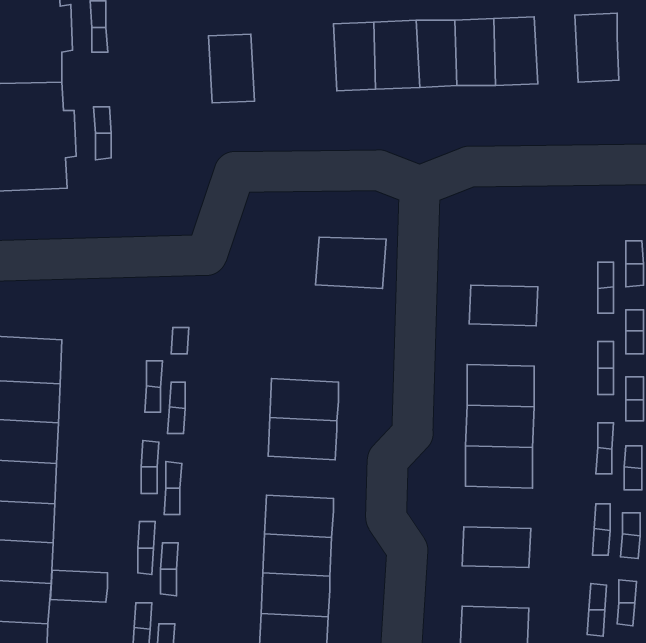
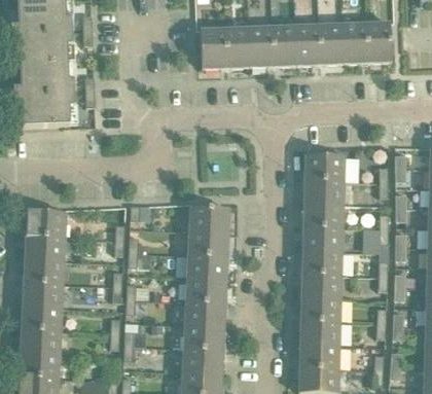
building: none -> [341,23,367,63]
building: [209,34,254,103] -> [200,28,226,68]
building: [316,237,386,288] -> [188,207,229,237]
building: none -> [304,154,344,181]
building: none -> [302,203,343,227]
building: none -> [185,280,225,305]
building: none -> [300,297,340,322]
building: none -> [299,344,338,368]
building: [50,570,108,602] -> none

